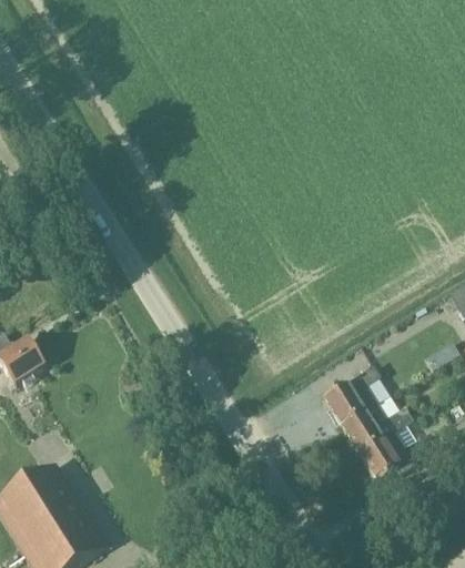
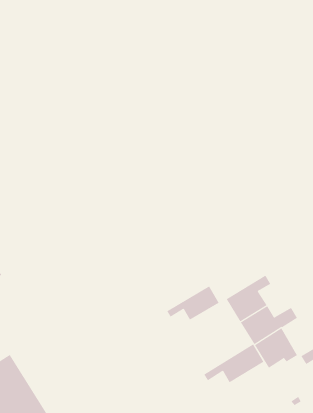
building: none -> [166,285,219,321]
building: none -> [203,344,264,383]

